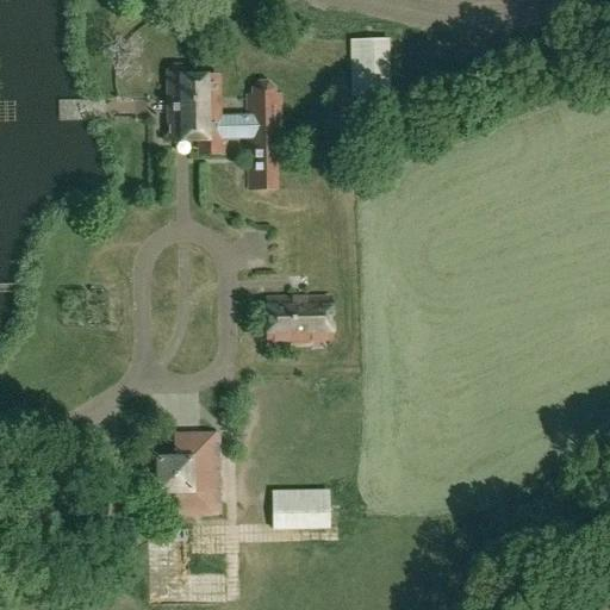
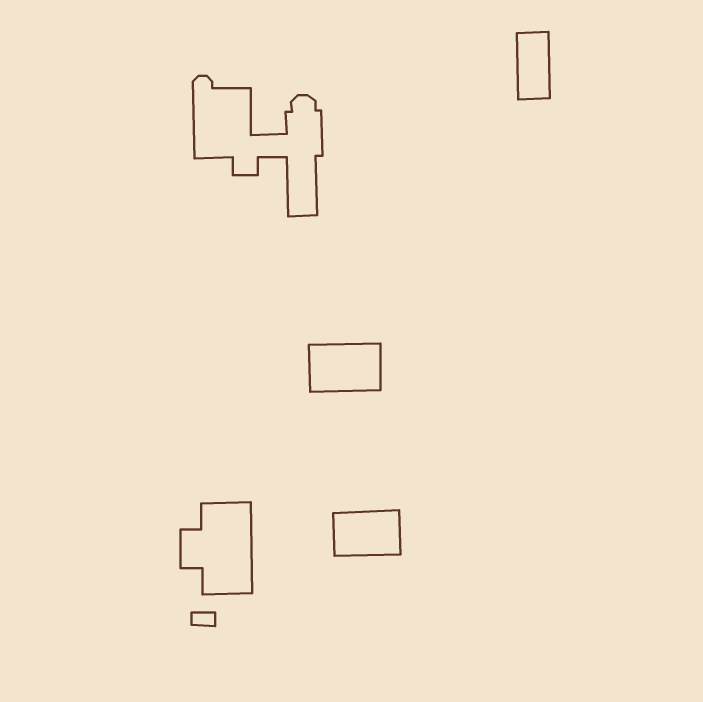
building: [356,37,385,95] -> [517,32,550,100]
building: [274,487,332,527] -> [333,510,401,556]

